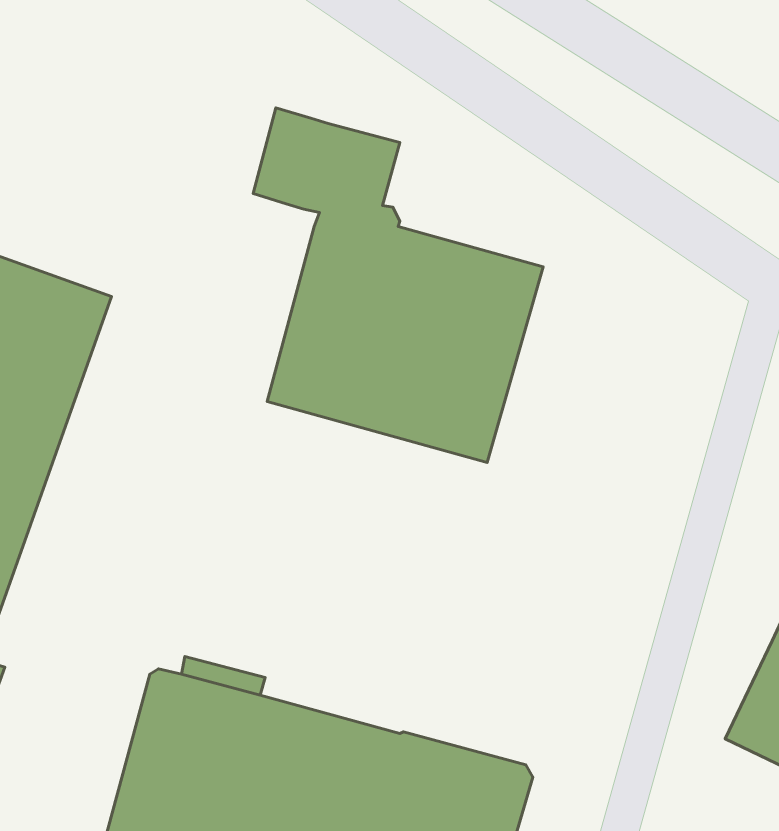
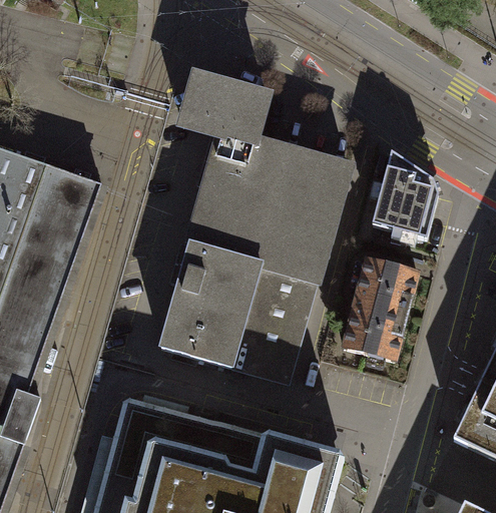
building: none -> [372,153,437,242]
building: none -> [159,245,316,383]
building: none -> [343,260,417,361]

